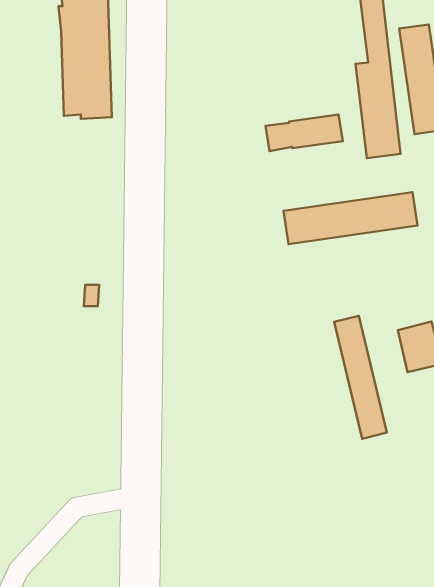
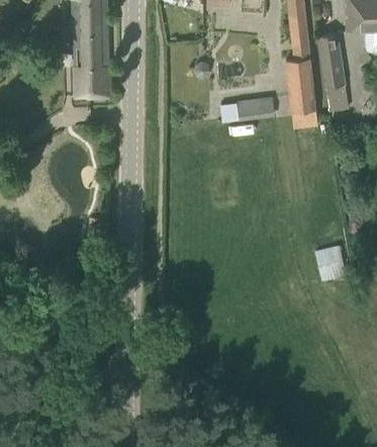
building: [284,192,417,244] -> none
building: [334,316,387,439] -> none

